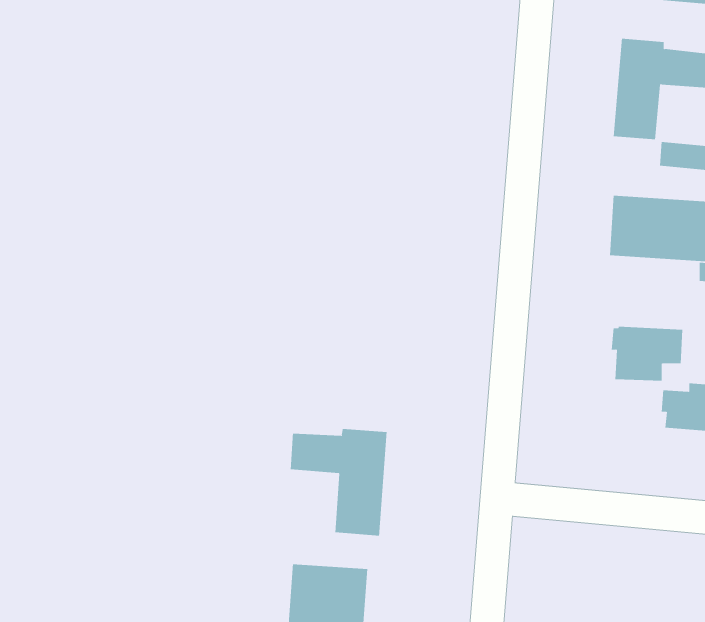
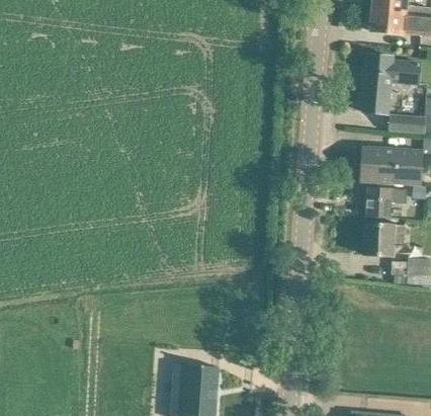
building: none -> [366,186,406,217]
building: [290,428,387,537] -> none

